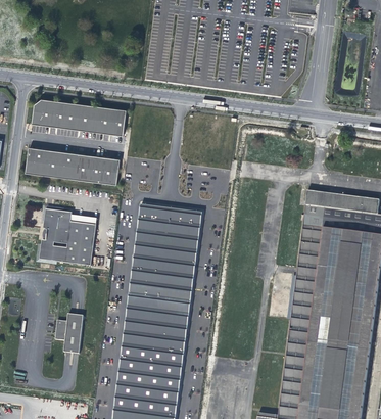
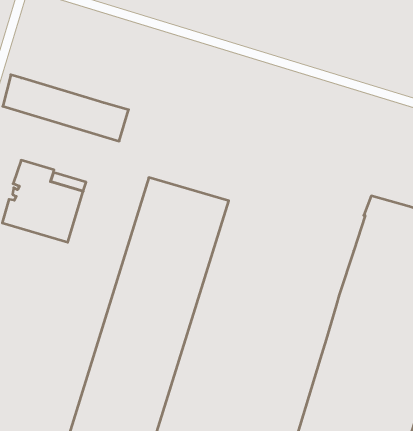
building: [29,100,123,135] -> none
building: [54,313,84,354] -> none

